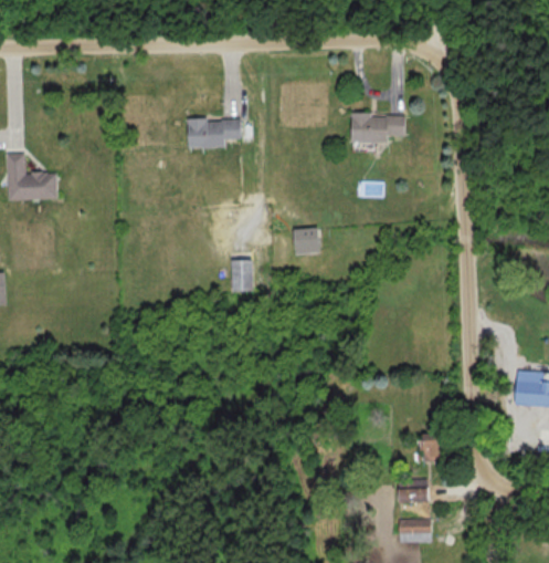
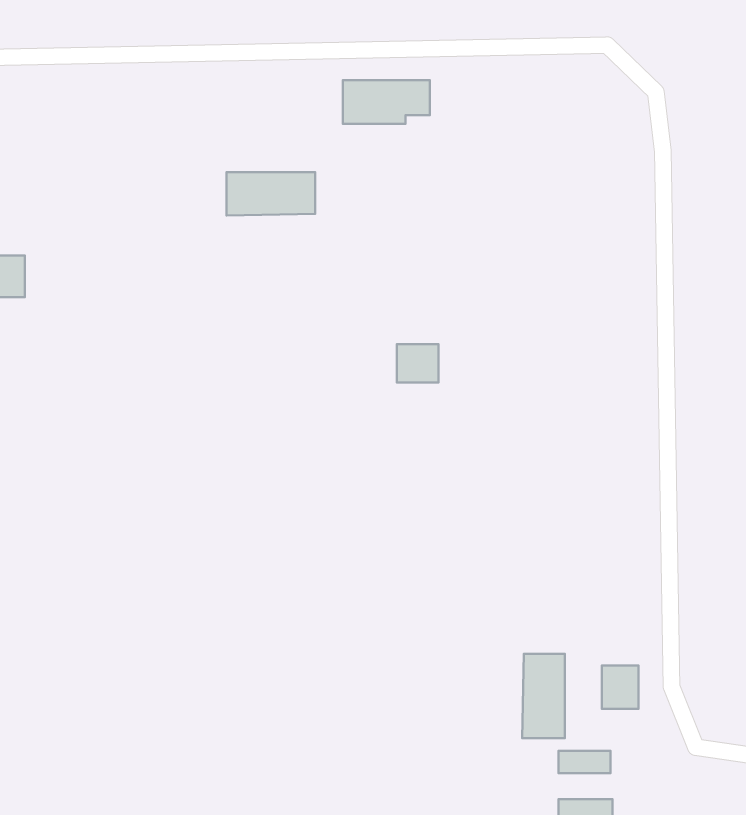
building: [350,115,405,143] -> [343,80,430,124]
building: [231,260,253,292] -> none
building: none -> [522,654,565,738]

